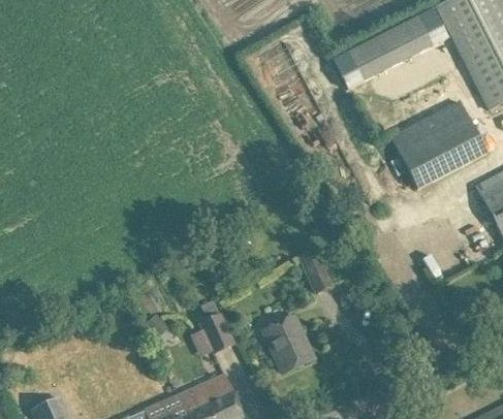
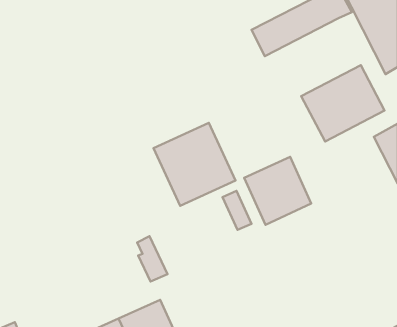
building: none -> [154,123,235,206]
building: none -> [244,157,311,225]
building: [265,316,314,372] -> none

